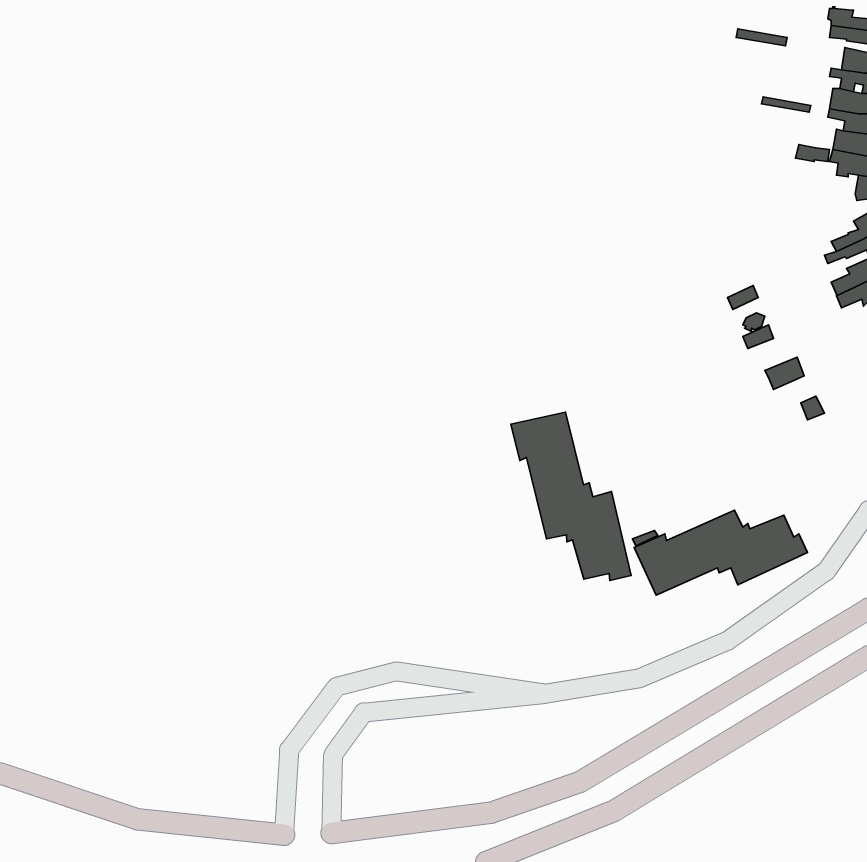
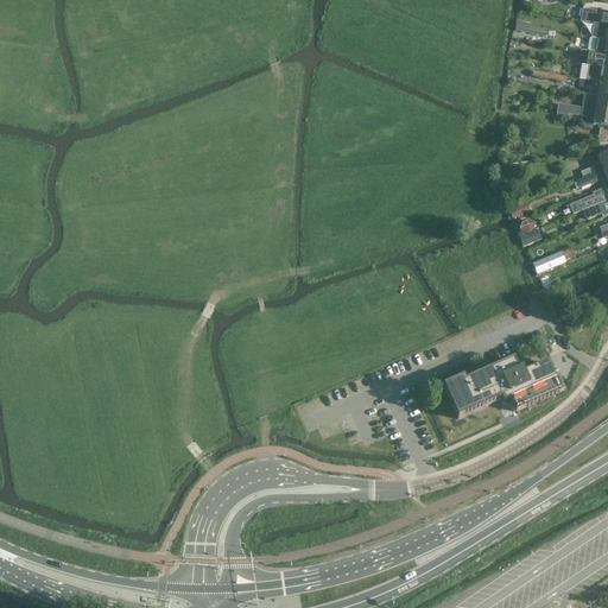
building: [511,412,631,580] -> none

